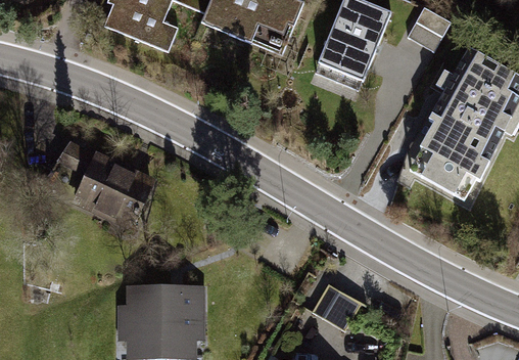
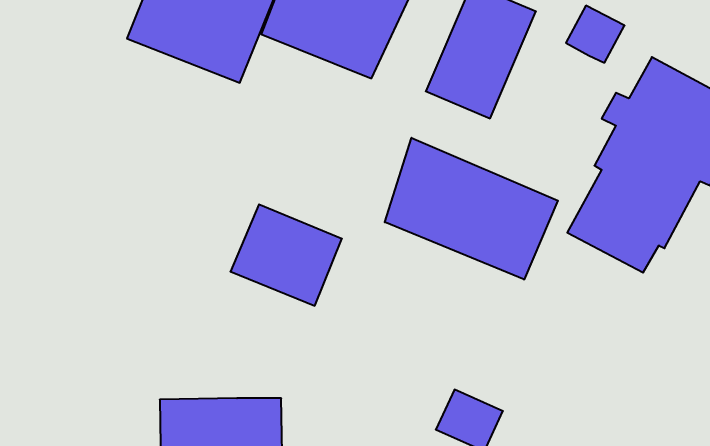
building: none -> [385,138,558,280]
building: [72,154,151,227] -> [230,204,342,306]

